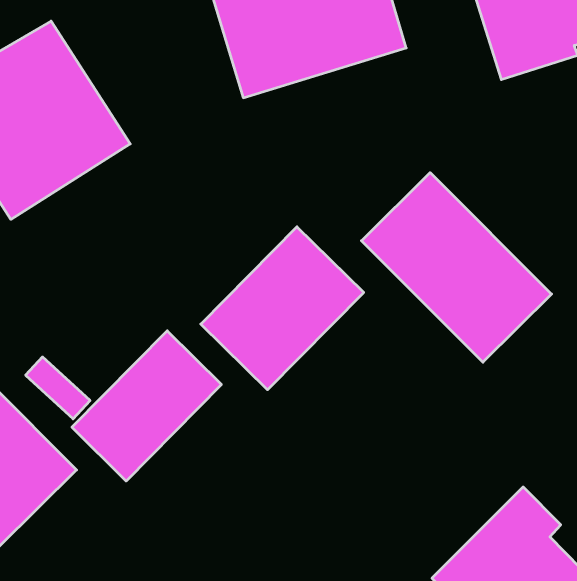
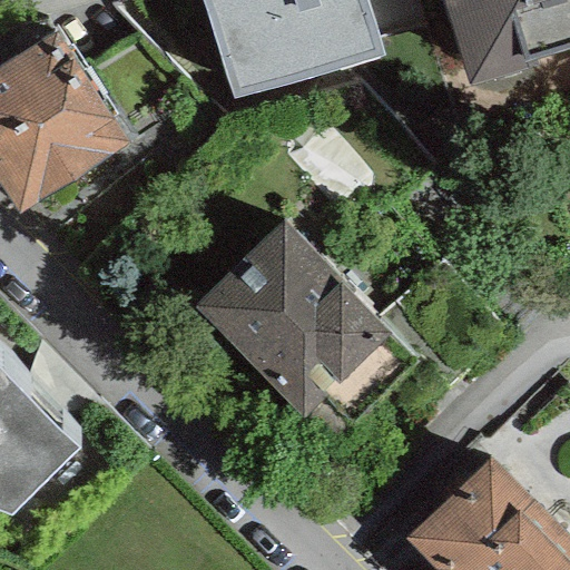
building: [361,173,552,362] -> none
building: none -> [255,276,419,450]
building: [72,331,221,481] -> none

